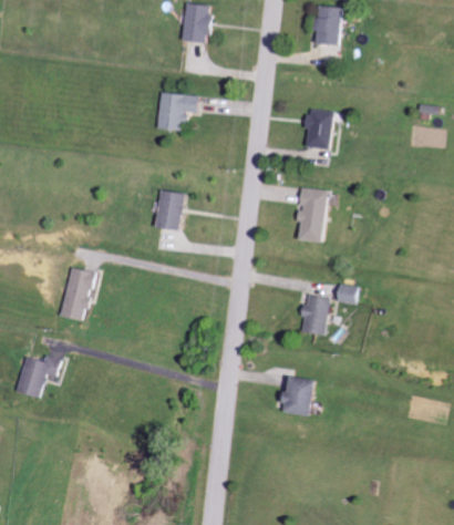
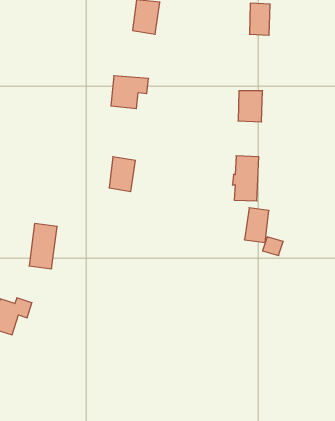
building: [299,294,328,334] -> [244,208,269,243]
building: [281,374,313,415] -> none

